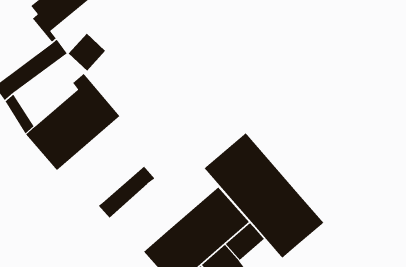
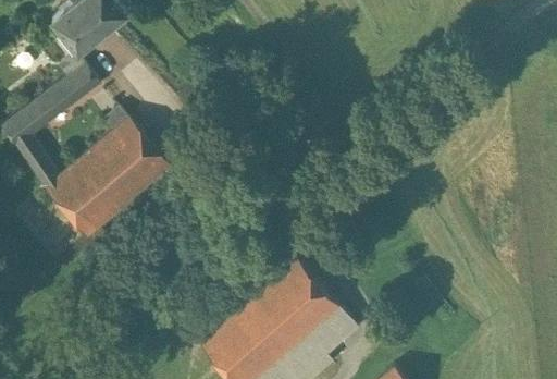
building: [68,33,106,71] -> none
building: [204,132,325,259] -> none
building: [98,166,155,218] -> none

